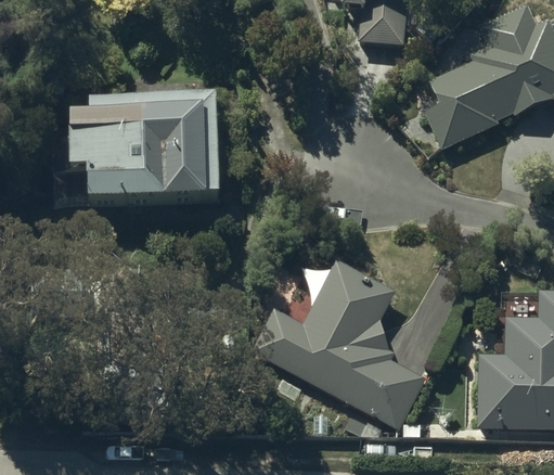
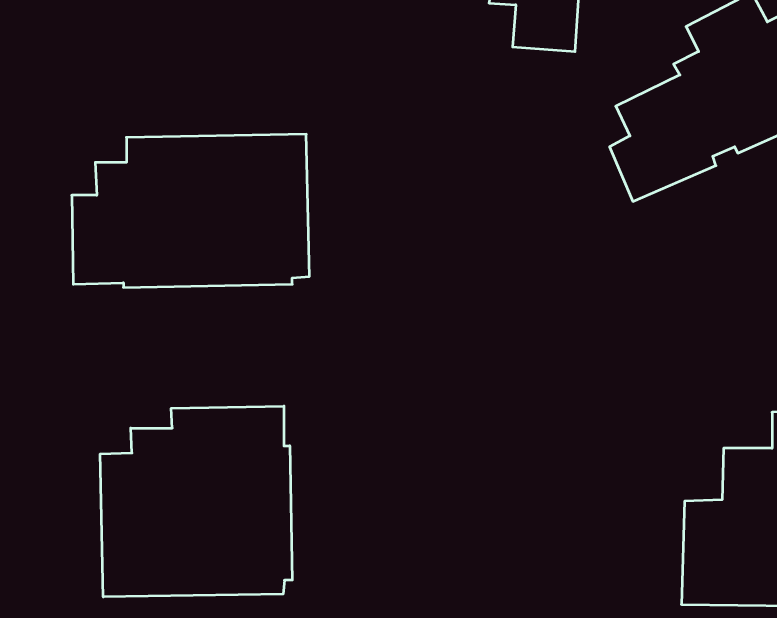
building: [250,259,426,427] -> none
building: none -> [100,406,292,597]

